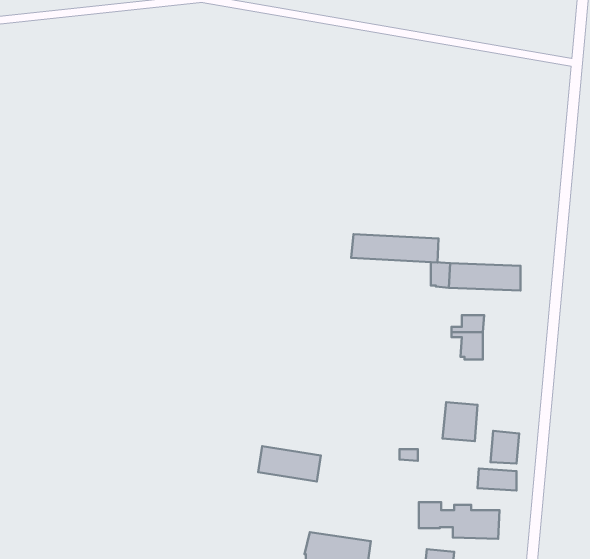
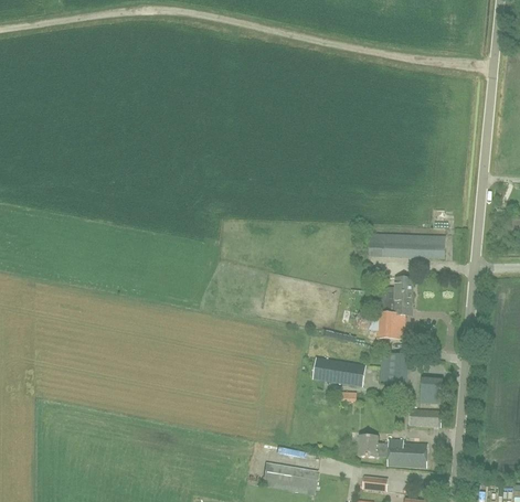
building: [351,234,438,262] -> none
building: none -> [378,313,397,339]
building: [258,446,321,481] -> [312,356,365,386]

